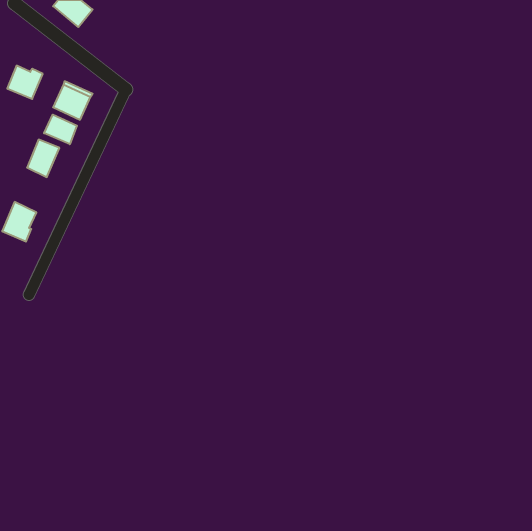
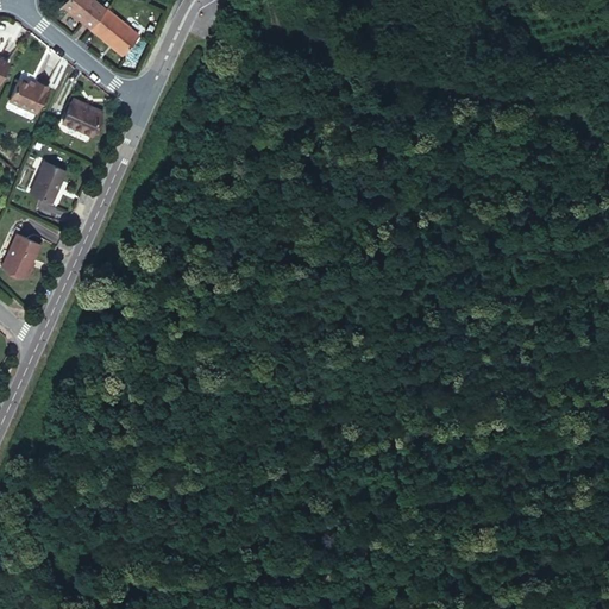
building: none -> [89,10,140,61]
building: [44,115,77,144] -> none

